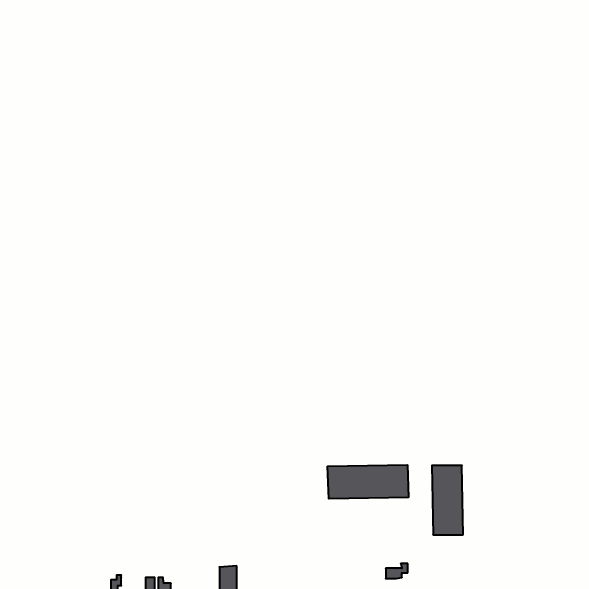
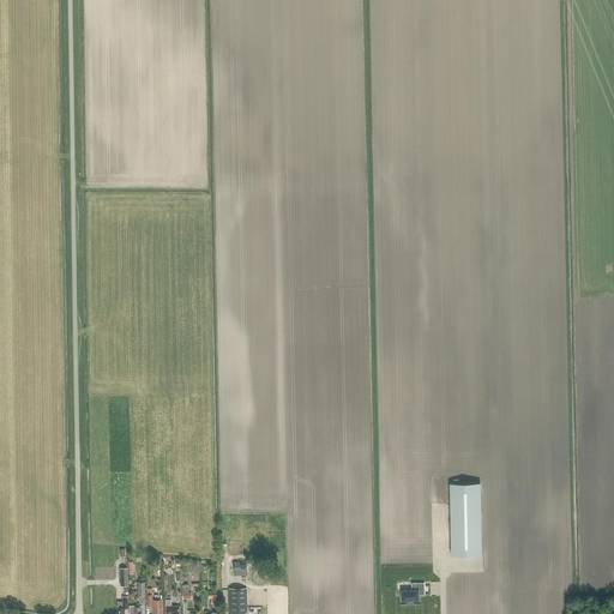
building: [328,465,408,499] -> none

